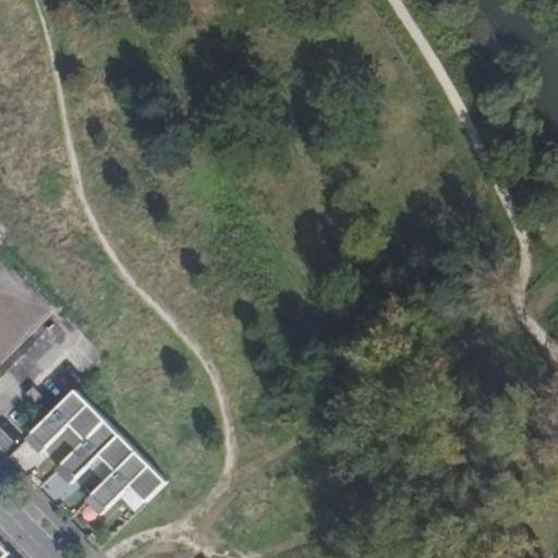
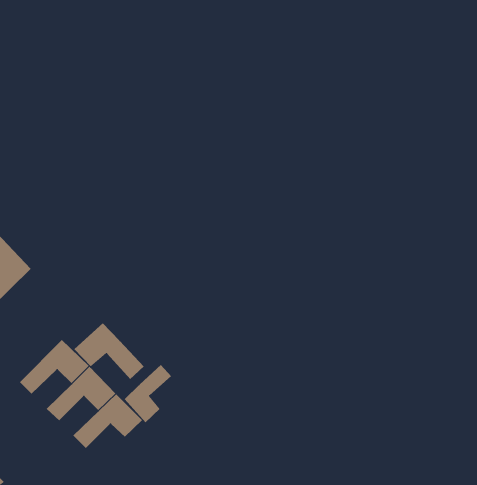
building: none -> [74,323,145,380]
building: none -> [124,364,172,423]

